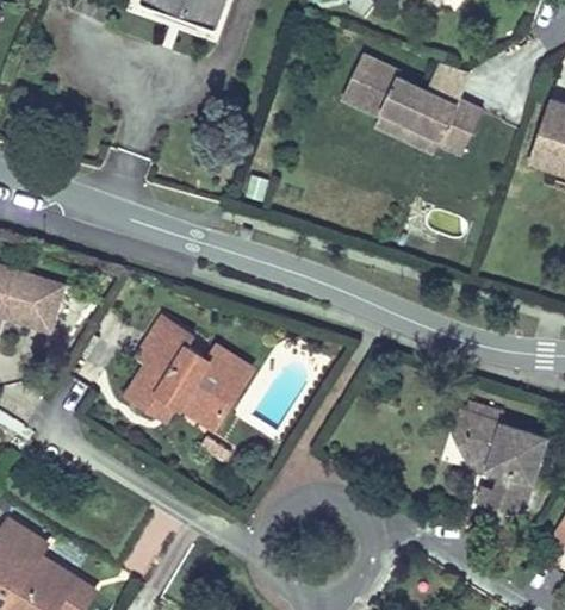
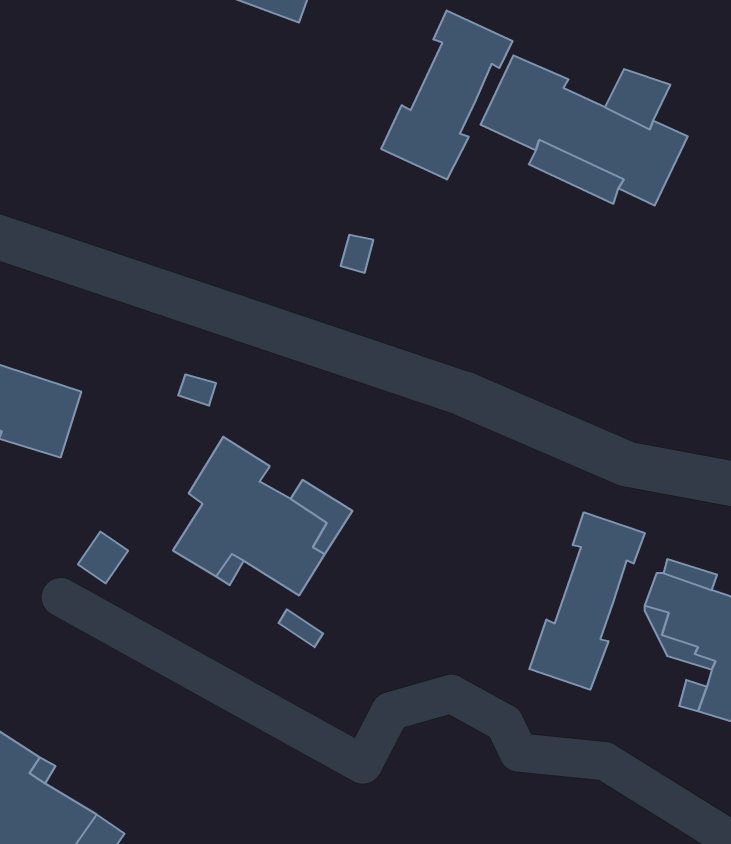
building: none -> [381,10,513,180]
building: none -> [529,512,645,690]

